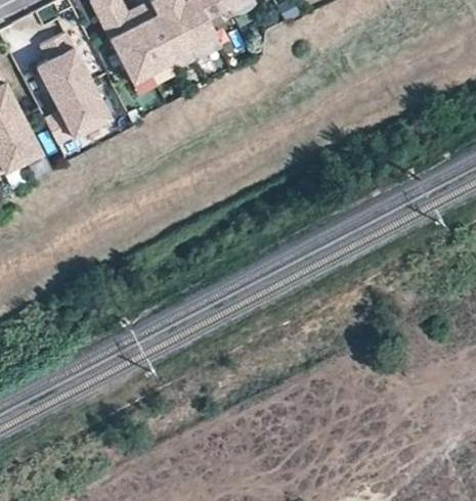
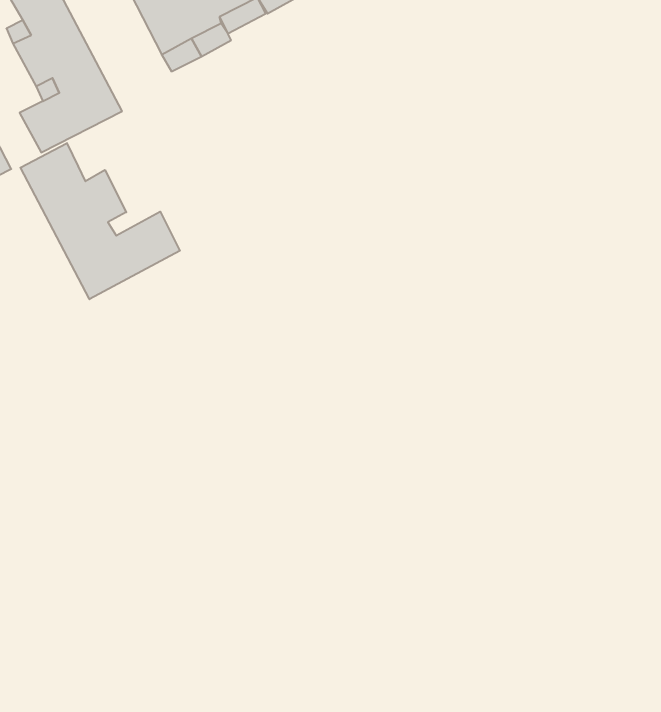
building: none -> [20,143,180,299]

